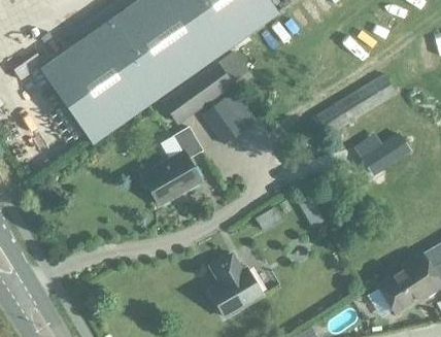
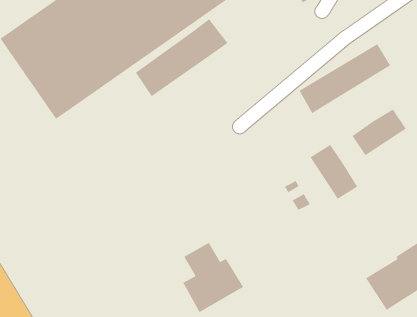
building: [202,89,258,143] -> none
building: [139,127,203,207] -> none
building: none -> [310,144,358,200]

